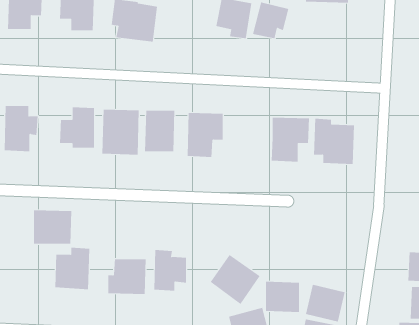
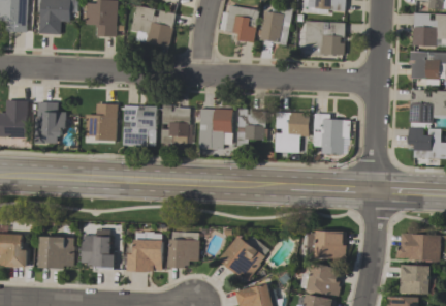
building: none -> [304,22,345,56]
building: none -> [237,110,265,145]
building: [33,210,72,244] -> [39,237,74,268]
building: [265,281,300,312] -> [315,231,346,258]

